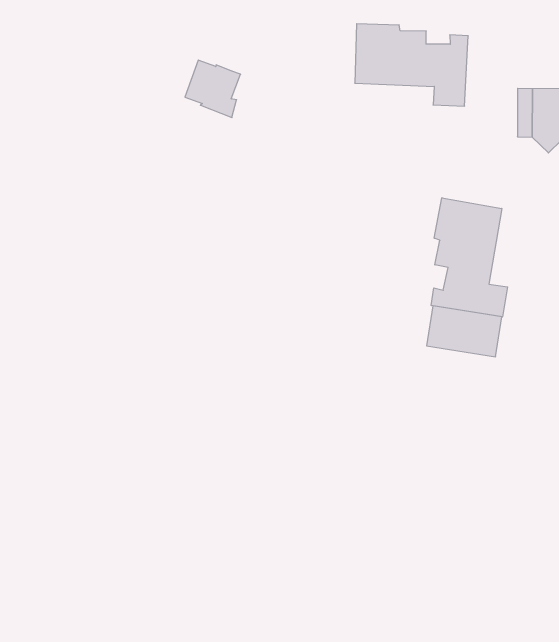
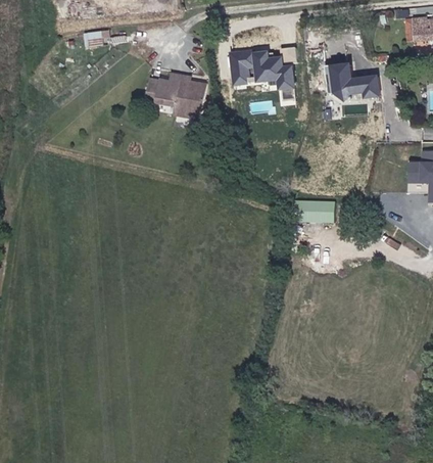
building: none -> [170,79,204,126]
building: [431,198,508,317] -> none

